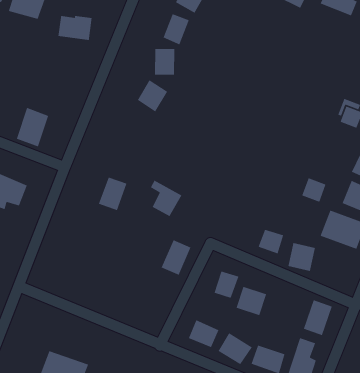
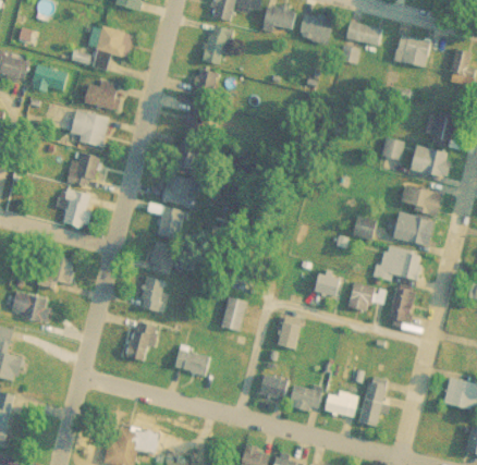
building: none -> [71,110,108,147]
building: none -> [64,151,100,186]
building: none -> [161,173,199,209]
building: [150,179,182,217] -> [152,204,186,240]
building: none -> [139,278,166,311]
building: none -> [130,321,154,360]
building: none -> [172,347,210,376]
building: [236,286,267,316] -> none
building: [303,299,333,336] -> [388,287,415,323]

